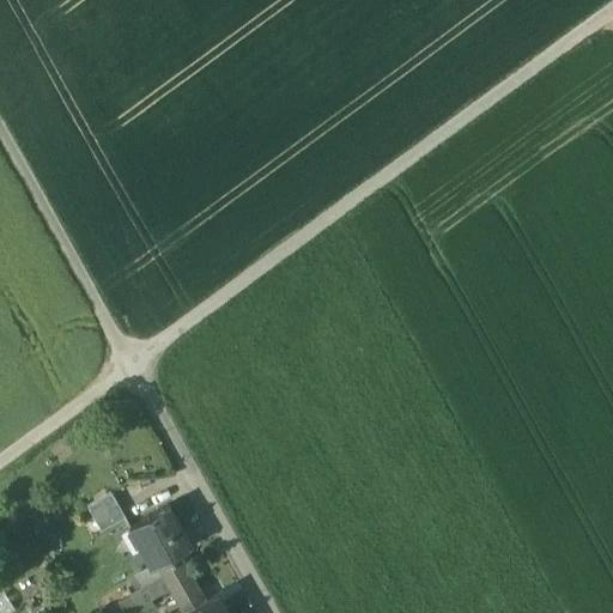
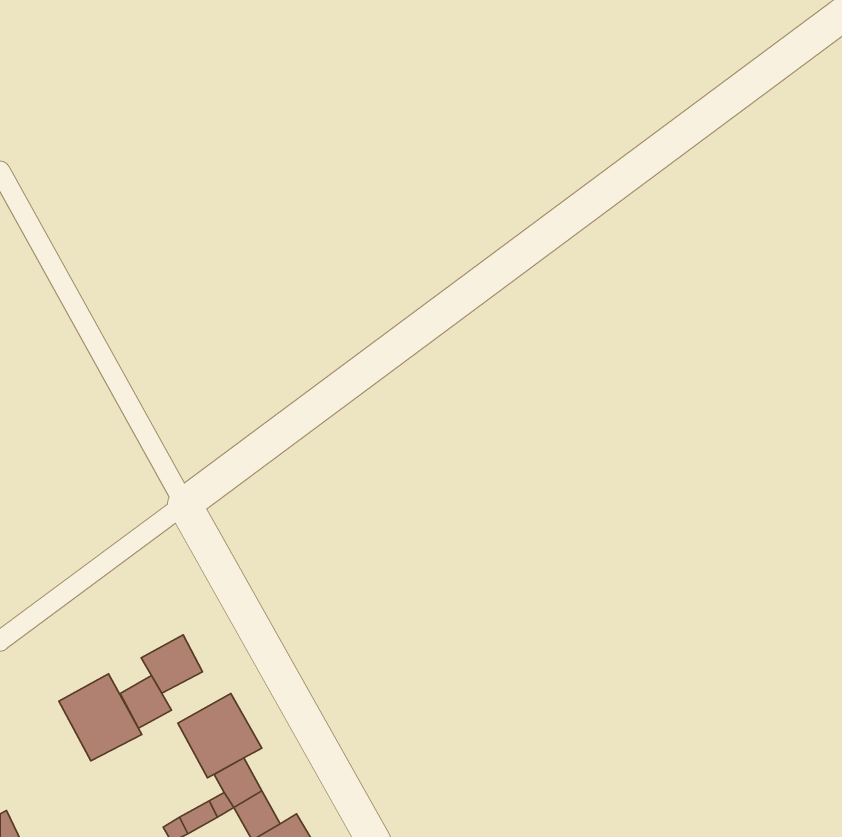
building: none -> [141,635,203,693]
building: none -> [59,674,142,761]

